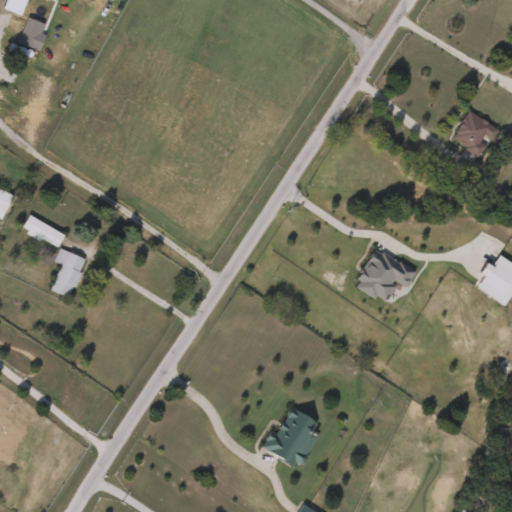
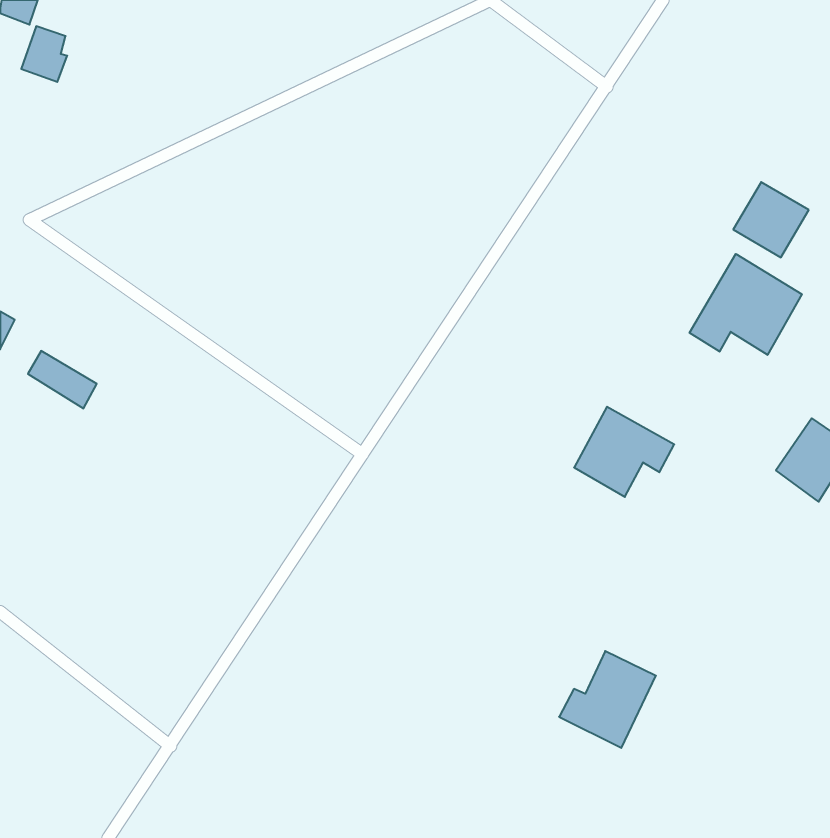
building: none -> [690,254,802,355]
building: [51,248,85,298] -> none
building: [262,408,321,467] -> [559,651,656,748]

